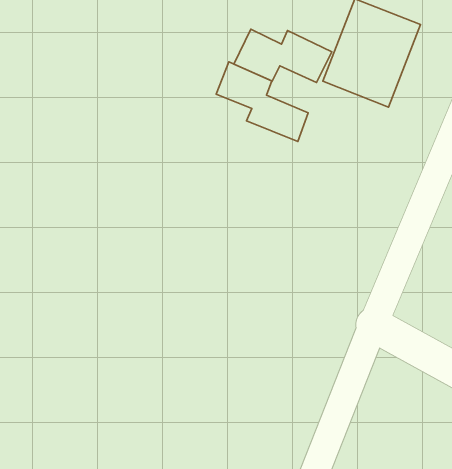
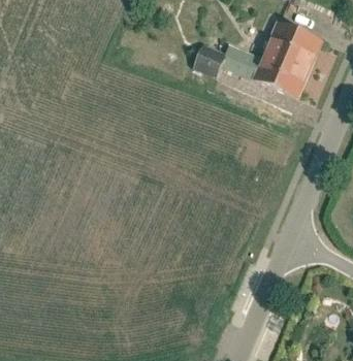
building: [216,62,308,142] -> none

